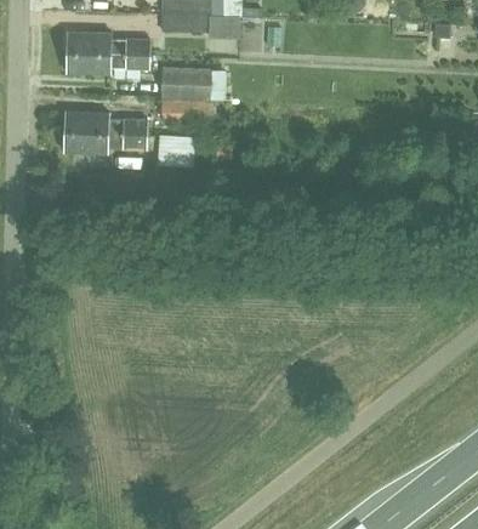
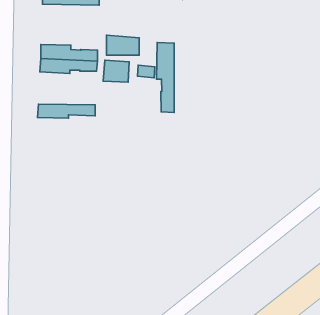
building: [67,53,150,74] -> [38,104,95,118]
building: [161,63,211,97] -> none
building: none -> [156,42,174,113]

